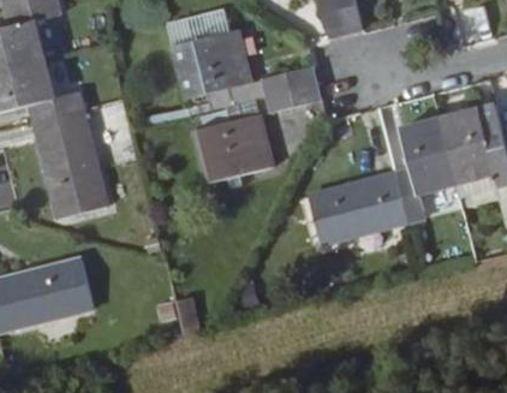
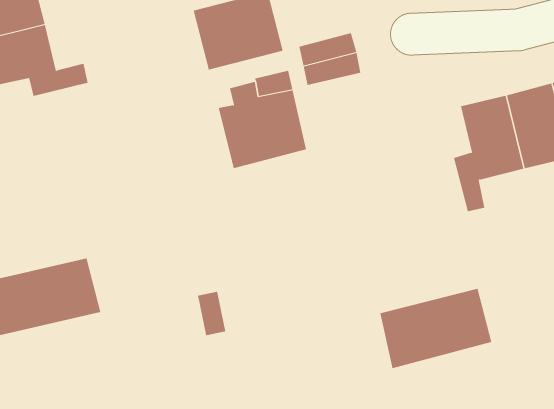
building: [35,109,111,226] -> none
building: [312,174,410,244] -> [379,288,492,369]

